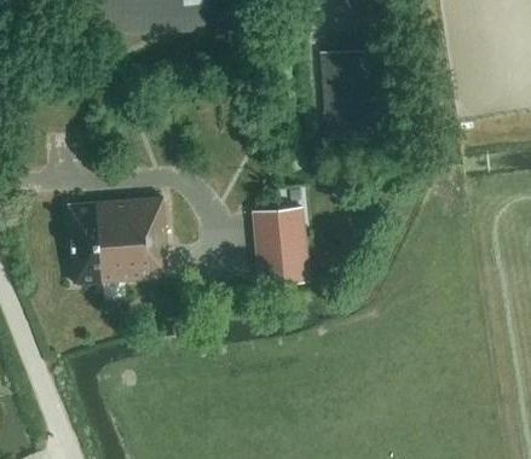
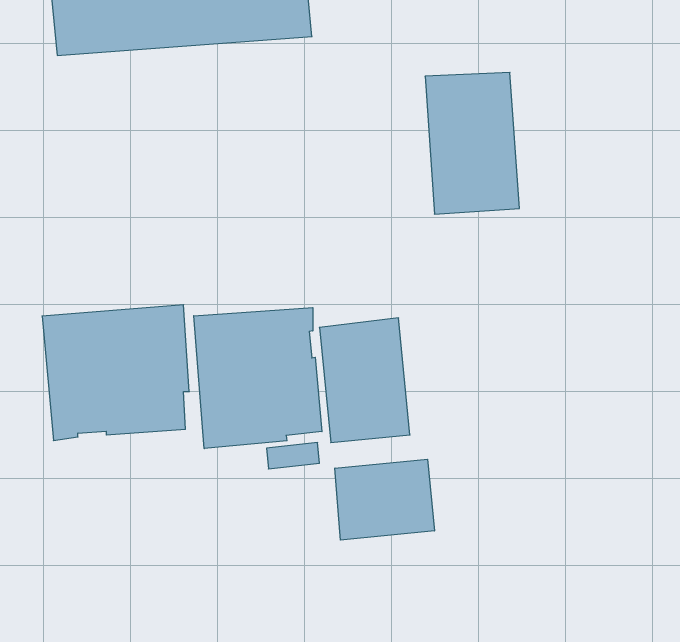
building: none -> [194,308,322,449]
building: none -> [335,459,434,540]

